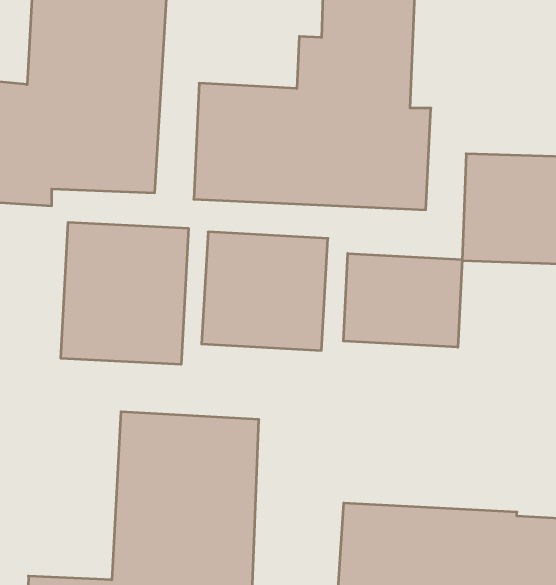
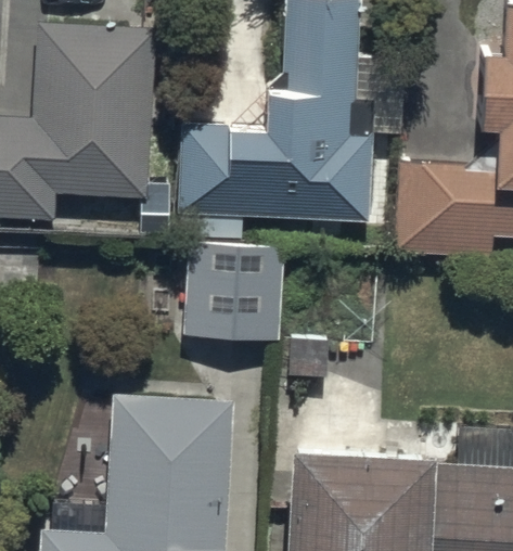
building: [61,222,188,364] -> none
building: [343,253,462,347] -> none

